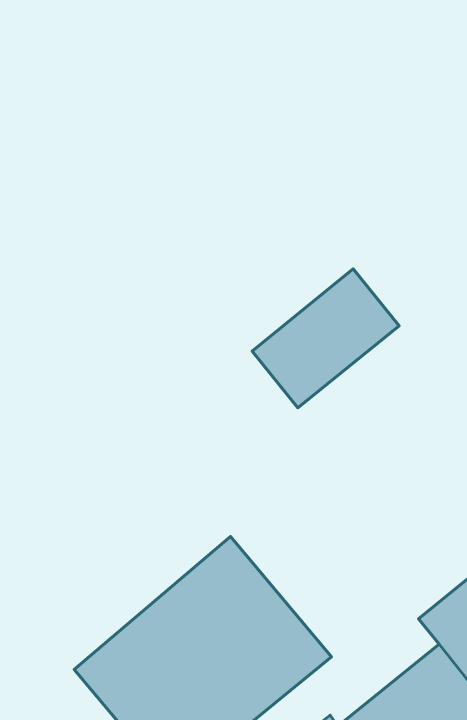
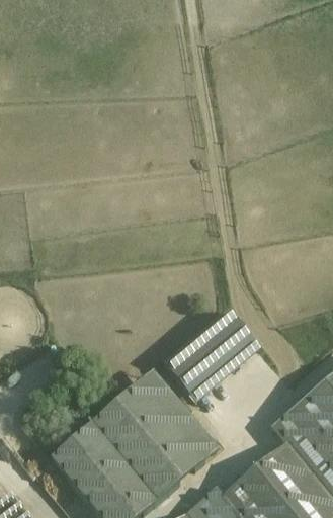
building: [252,269,399,408] -> [166,307,260,396]

